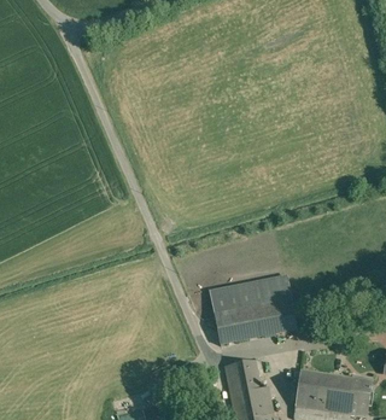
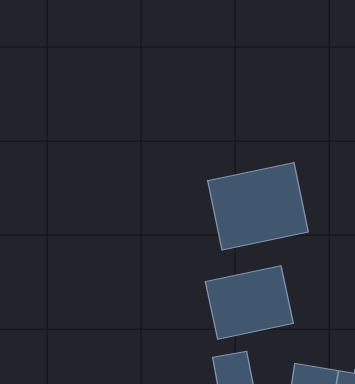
building: none -> [208,162,308,250]

